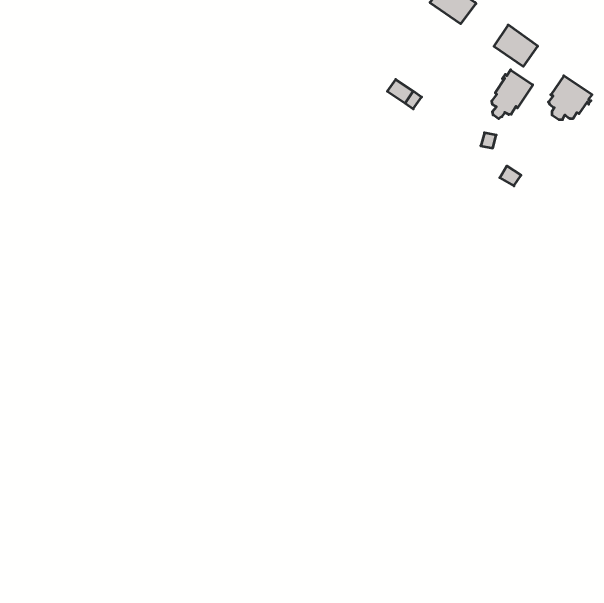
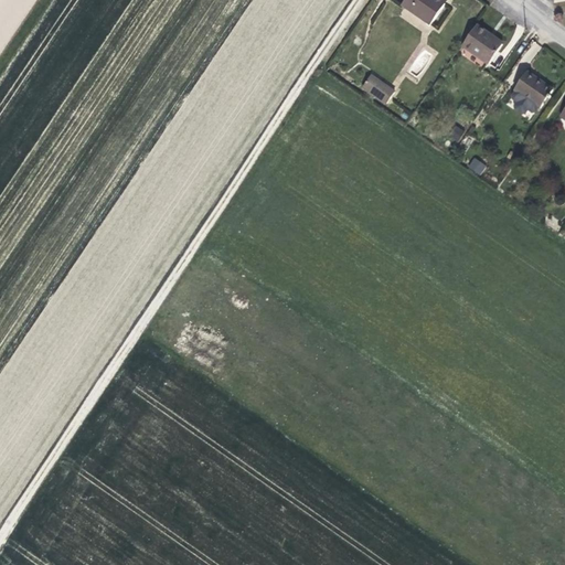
building: [492,70,533,119] -> none

